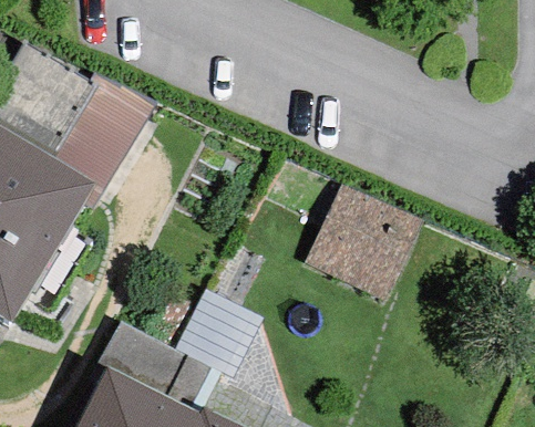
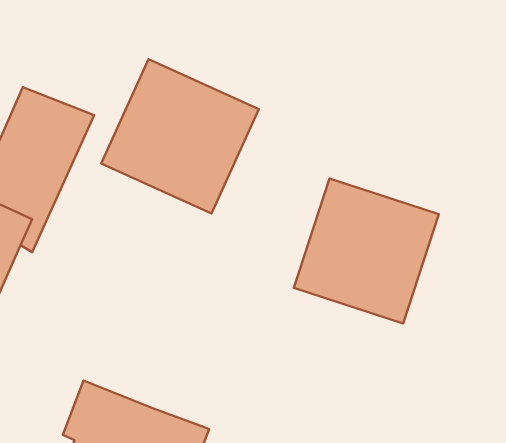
building: none -> [101,59,259,214]
building: [173,289,261,381] -> none

